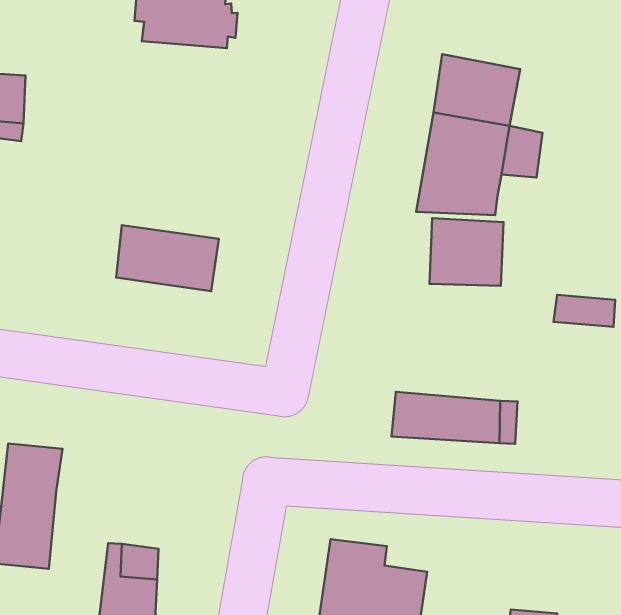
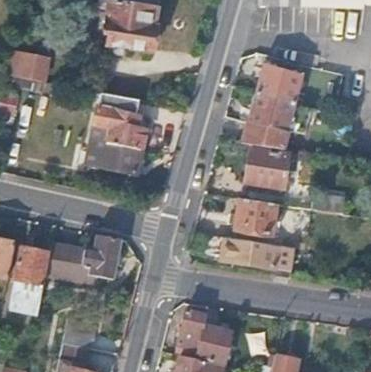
building: none -> [90,93,144,150]
building: none -> [238,197,277,233]
building: none -> [45,231,121,285]

